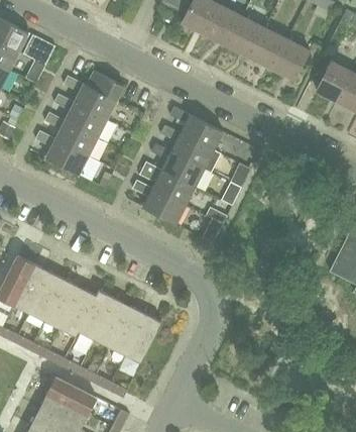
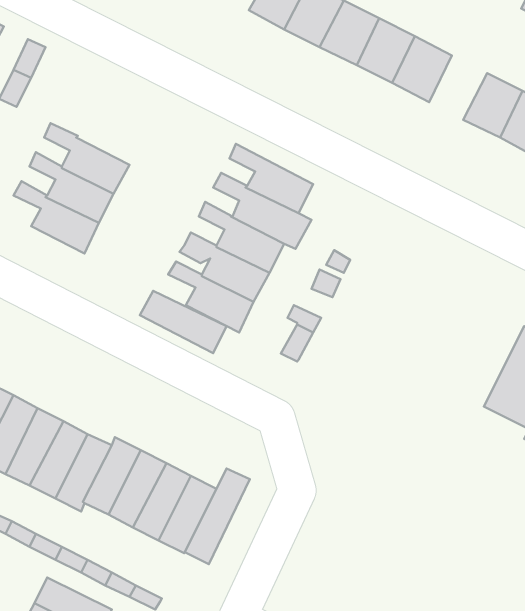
building: [63,71,124,119] -> none
building: none -> [140,291,227,353]
building: none -> [185,468,250,564]

